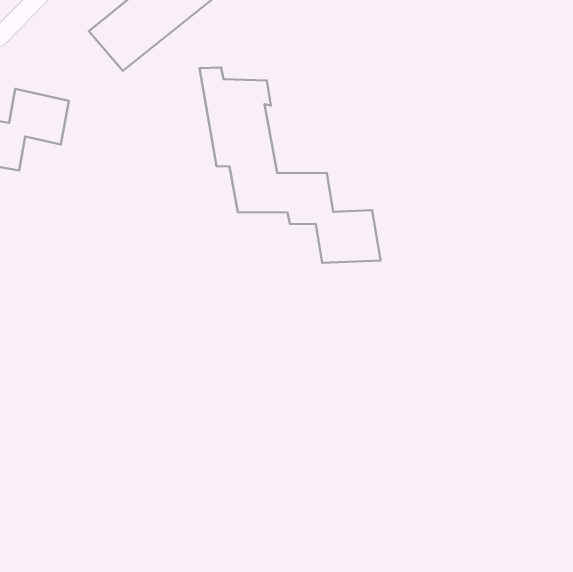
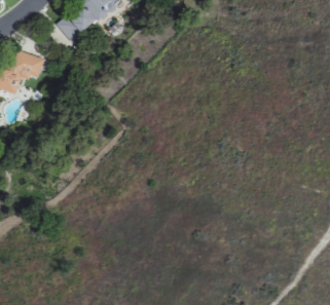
building: [200,68,381,263] -> none

